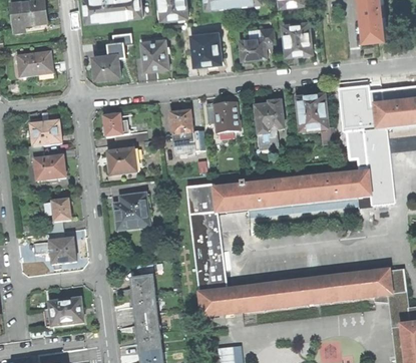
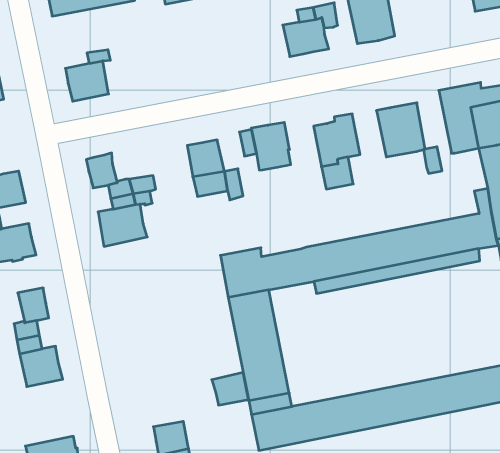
building: [191,31,222,65] -> none
building: [141,38,169,70] -> none
building: [346,129,366,158] -> none
building: [114,193,147,229] -> none
building: [130,276,153,296] -> [212,373,248,405]

